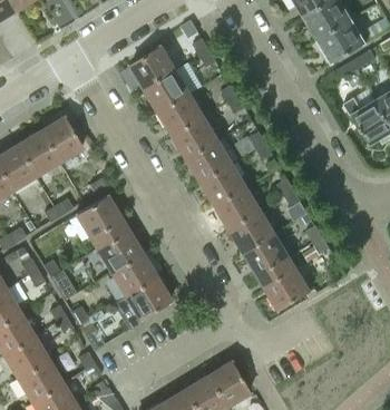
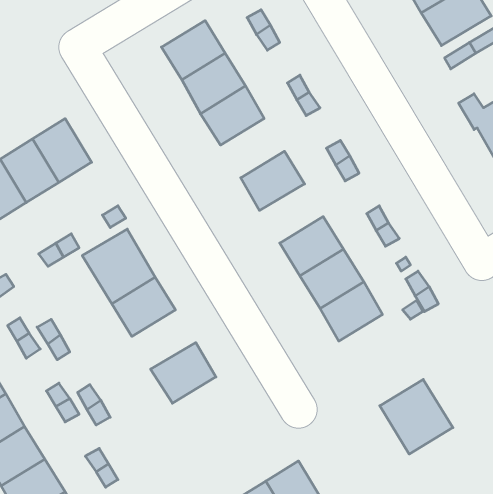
building: [174,116,220,158] -> none
building: [202,163,247,205] -> none
building: [110,253,156,295] -> none
building: [259,256,311,310] -> [380,379,453,454]

